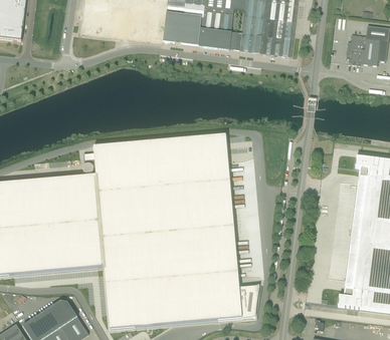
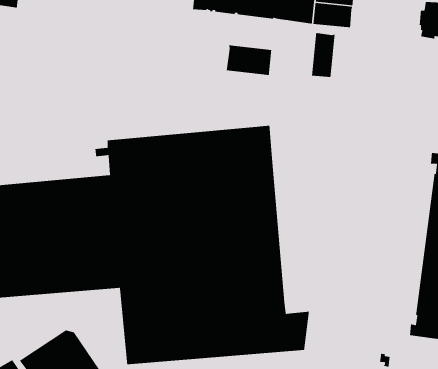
building: none -> [311,32,335,78]
building: none -> [226,45,272,76]

